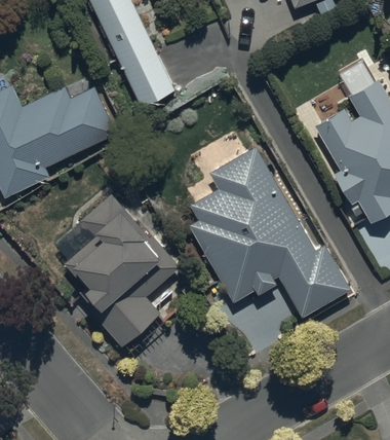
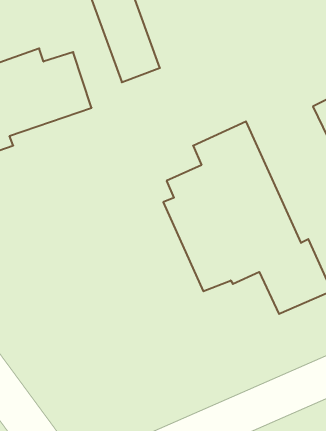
building: [64,197,181,352] -> none

